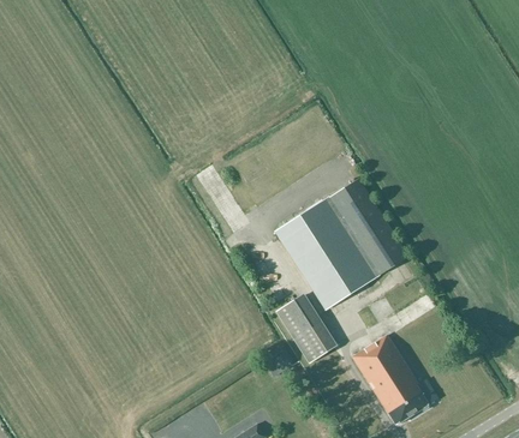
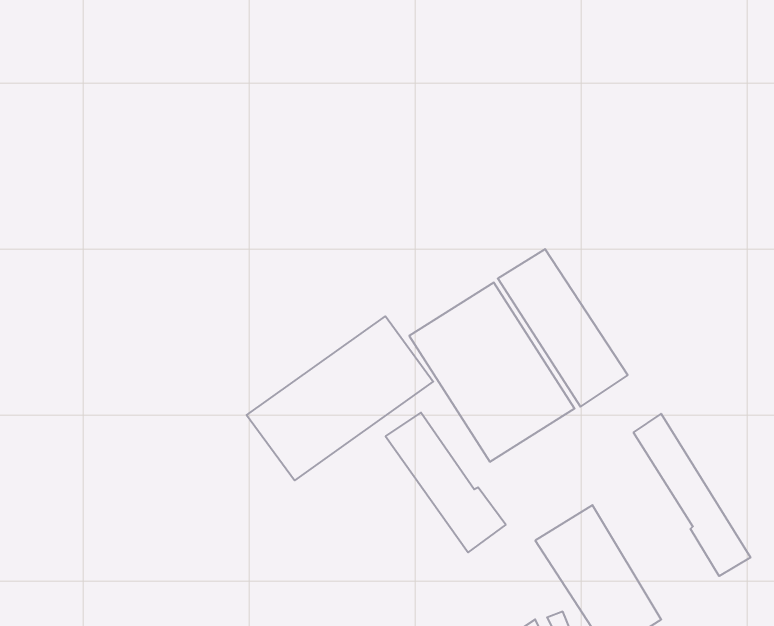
building: none -> [247,316,433,480]
building: none -> [634,414,750,576]

